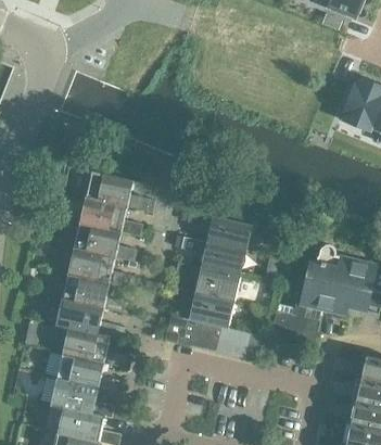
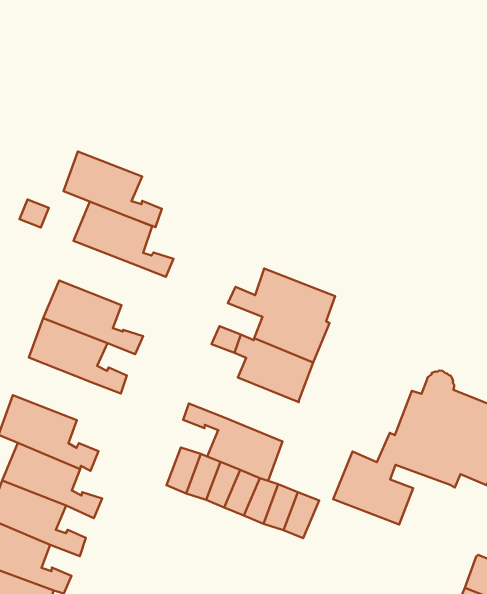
building: [79,196,142,237] -> [63,152,162,227]
building: [175,263,240,303] -> none
building: [61,274,125,313] -> none

